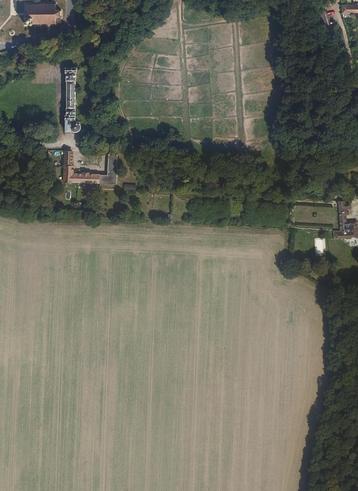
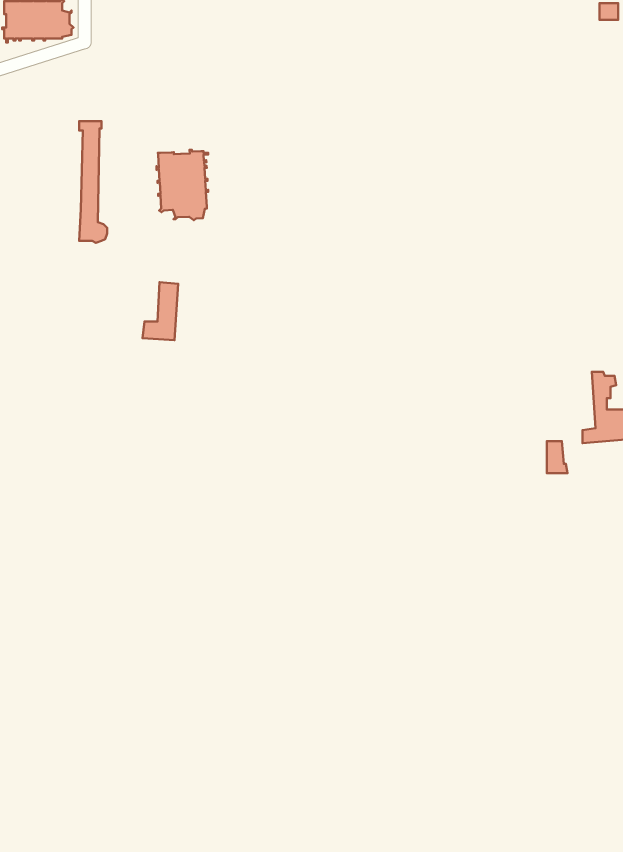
building: none -> [156,150,208,220]
building: [63,151,100,184] -> none

